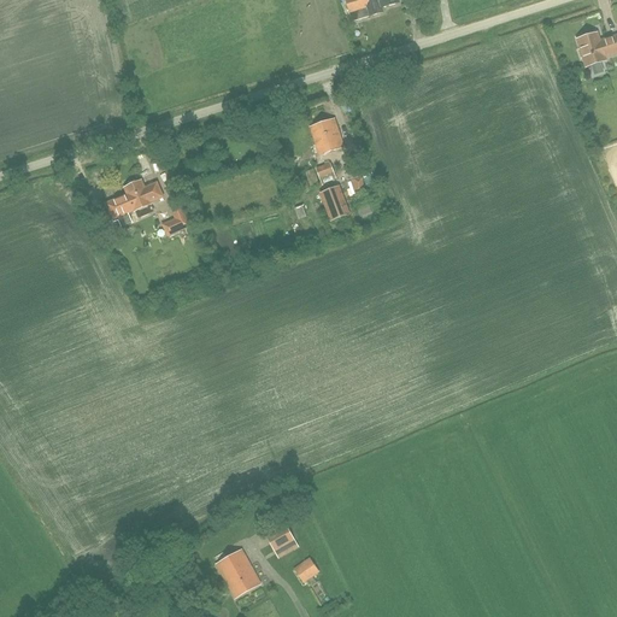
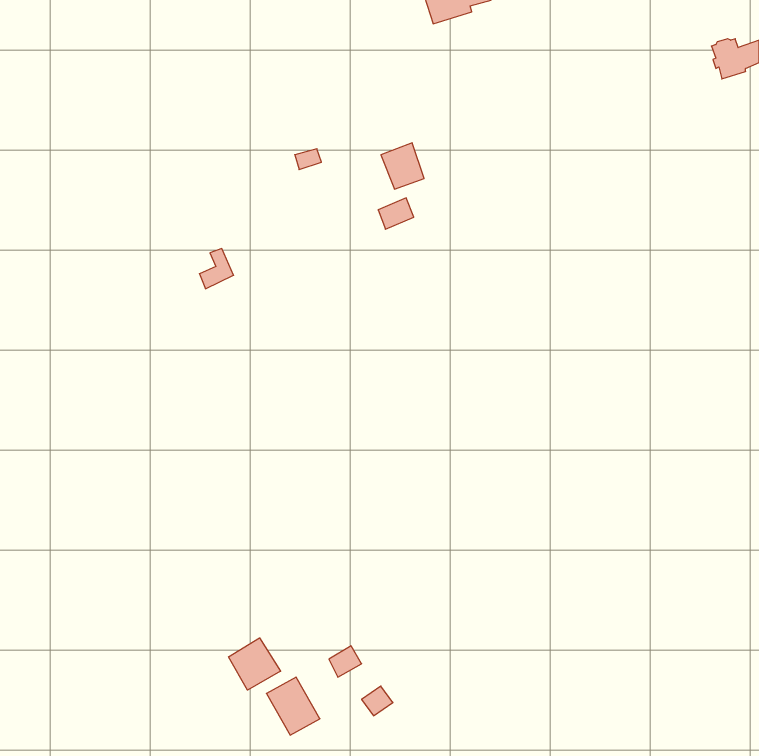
building: [104,178,161,221] -> none
building: [323,182,352,218] -> none
building: none -> [229,638,281,690]

